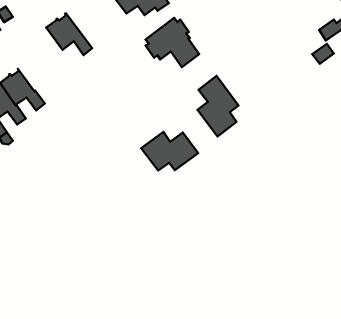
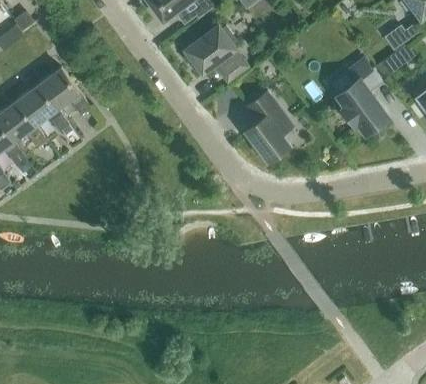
building: [46,14,92,55] -> [38,68,91,116]
building: none -> [338,61,386,133]
building: [141,132,198,171] -> none

